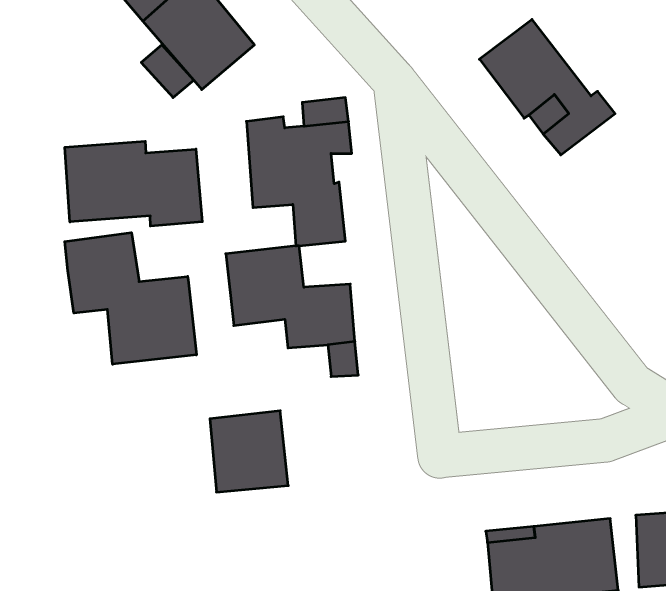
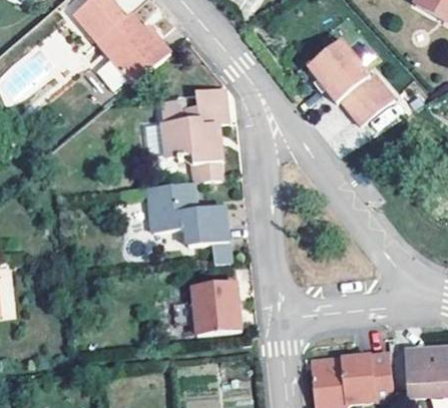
building: [65,141,202,226] -> none
building: [65,233,196,364] -> none
building: [210,411,288,492] -> [191,282,241,333]

